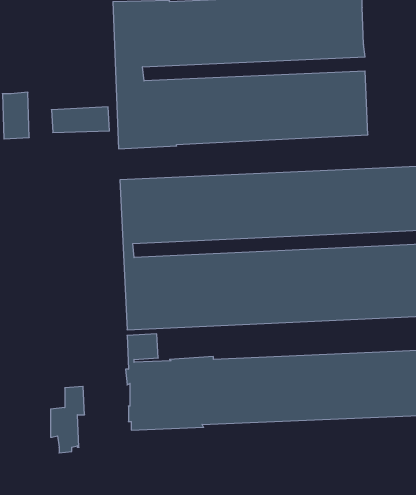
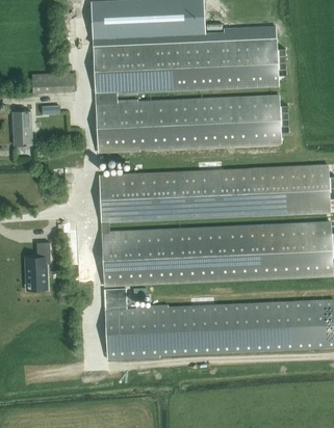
building: [51,107,109,132] -> [31,72,74,90]
building: [51,386,85,453] -> [26,241,51,290]

